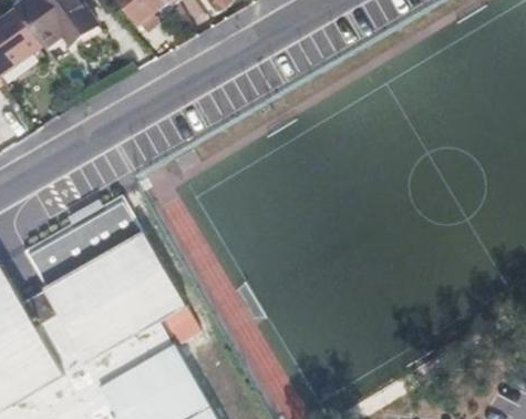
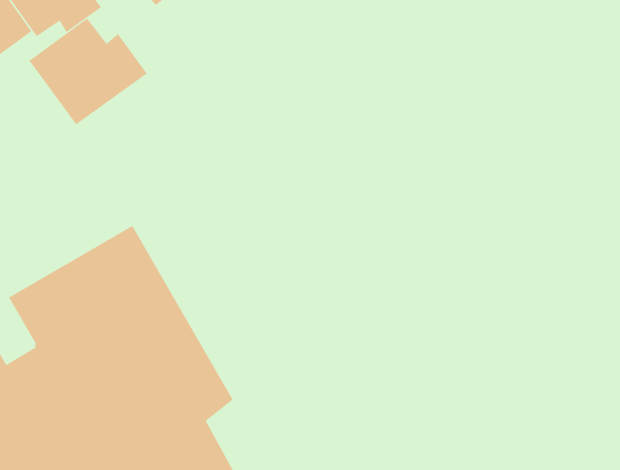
building: none -> [29,18,148,125]

